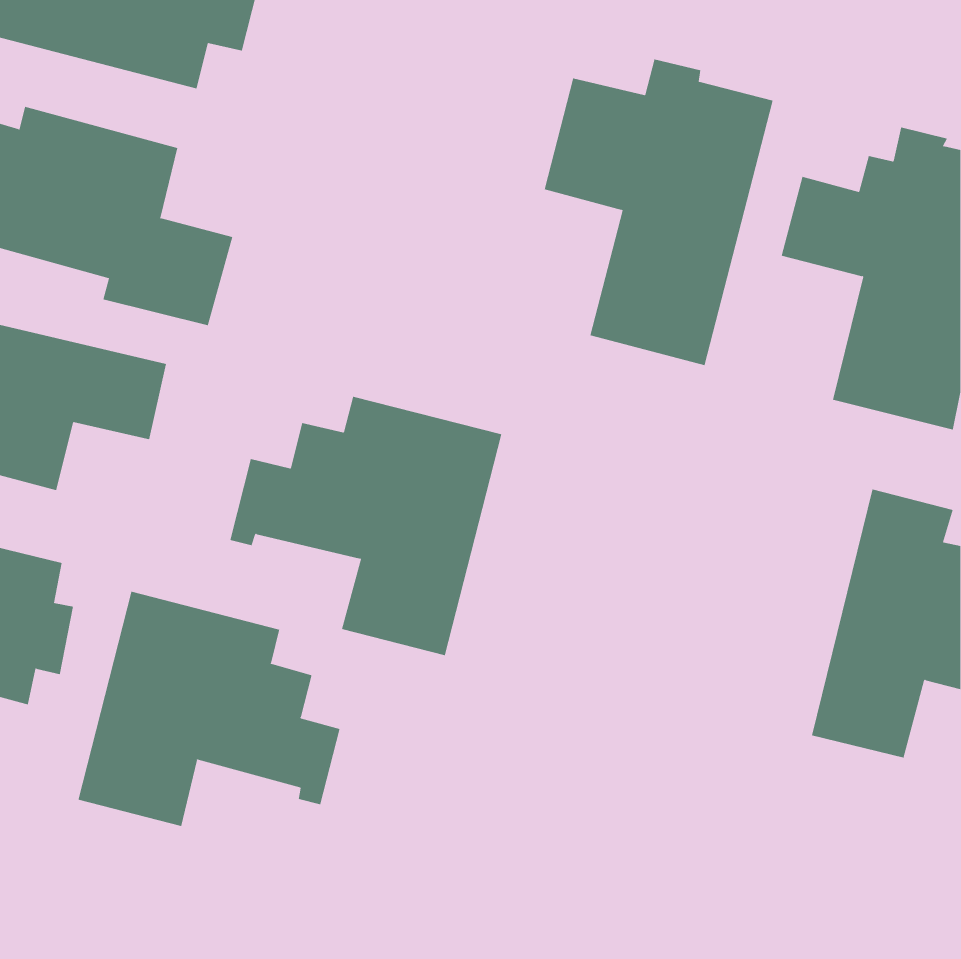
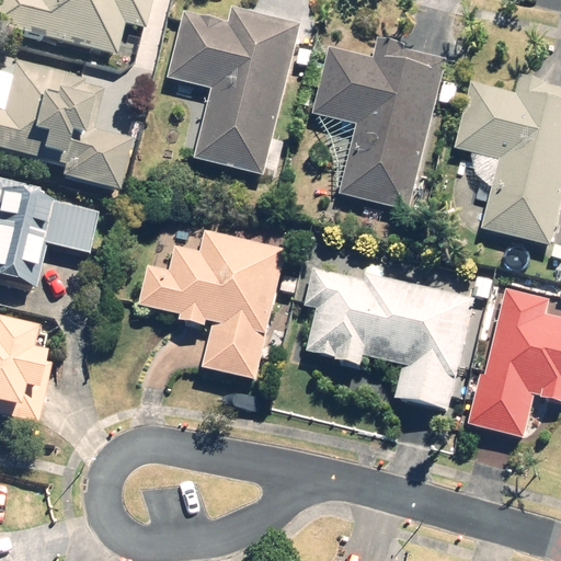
building: none -> [165,5,299,171]
building: none -> [304,268,477,409]
building: [78,591,340,827] -> none

